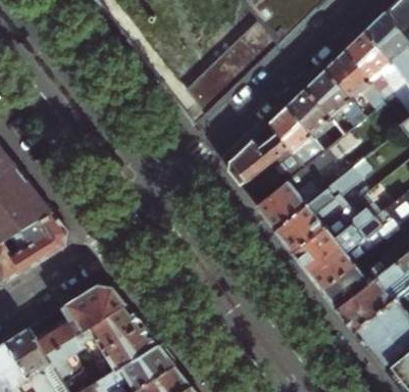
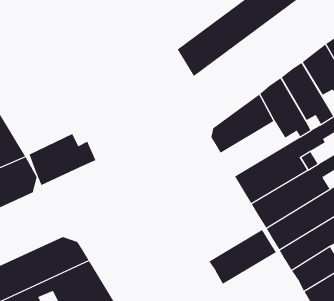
building: [240,147,304,205] -> [209,229,277,285]
building: none -> [29,133,96,186]

